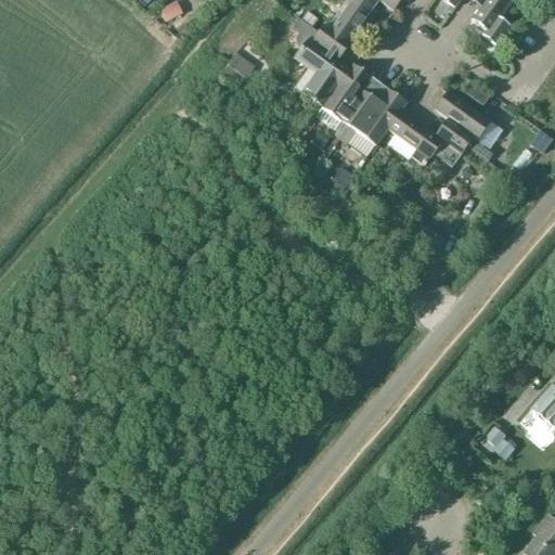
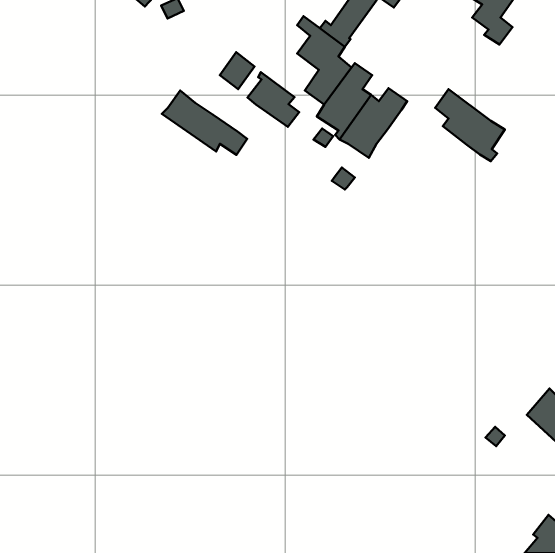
building: none -> [247,72,299,127]
building: none -> [162,91,247,155]
building: [387,109,466,166] -> none

